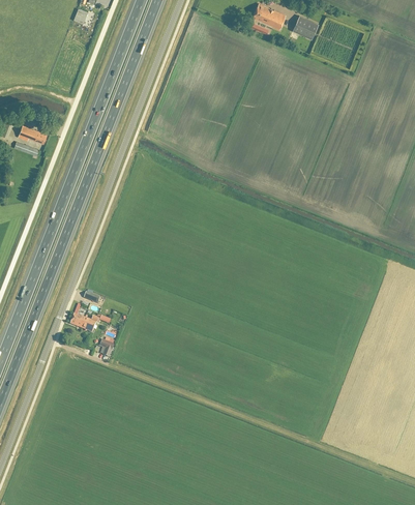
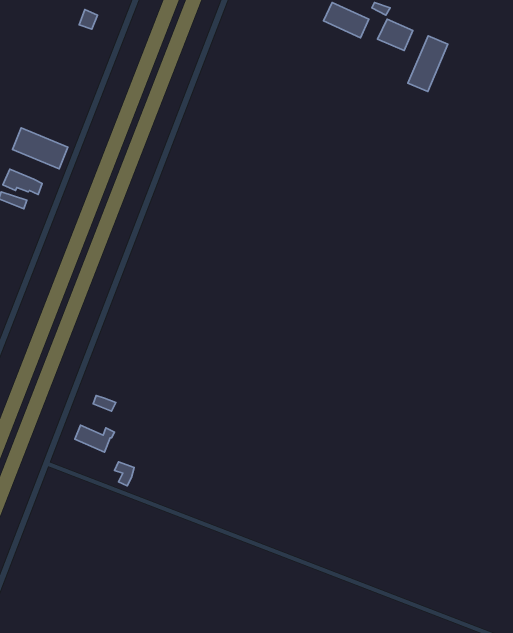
building: none -> [408,36,448,92]
building: none -> [12,128,68,169]

